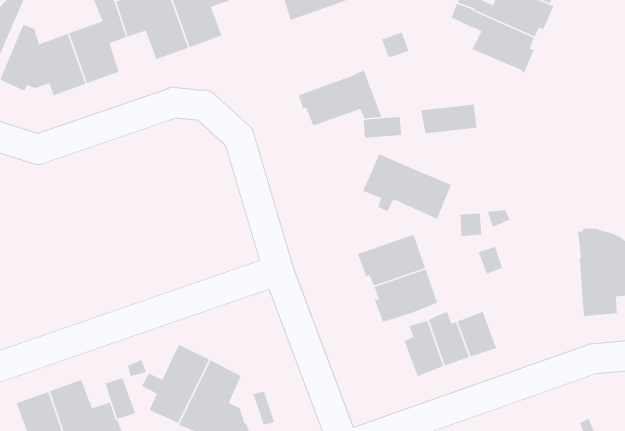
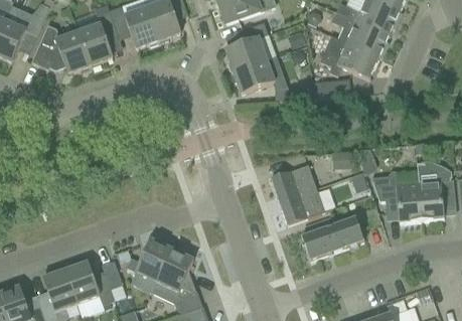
building: none -> [224,23,267,72]
building: [362,153,453,220] -> [319,35,379,79]
building: none -> [371,176,421,222]

